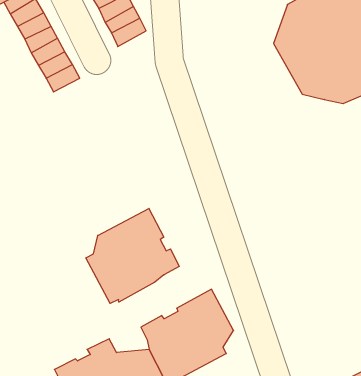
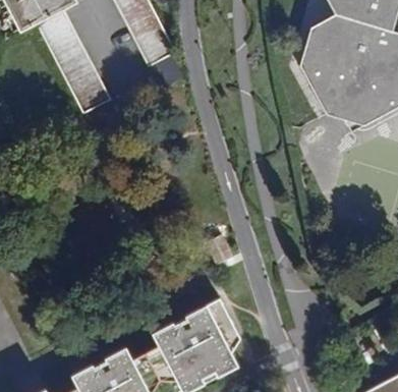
building: [86,208,179,303] -> none

